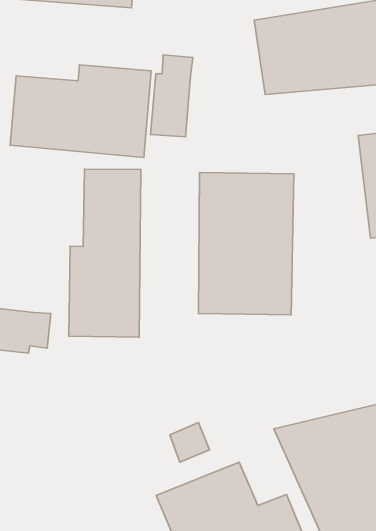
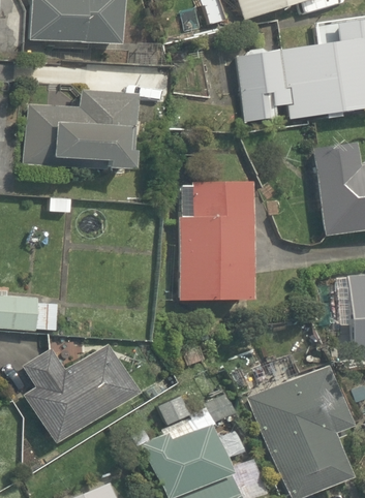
building: [151,55,193,137] -> none
building: [69,169,141,337] -> none
building: none -> [24,342,142,446]

